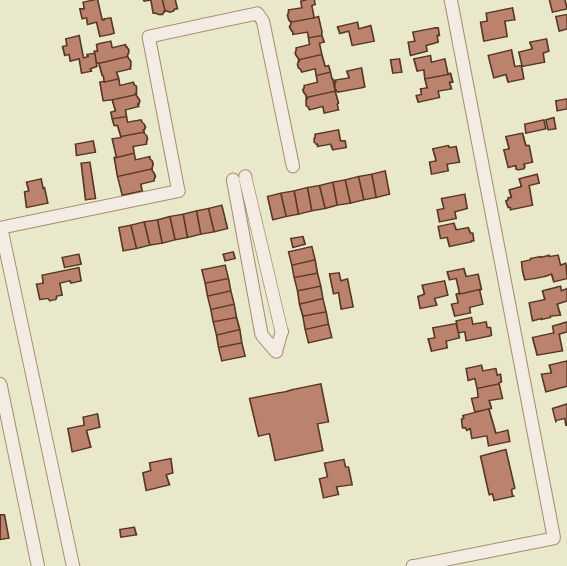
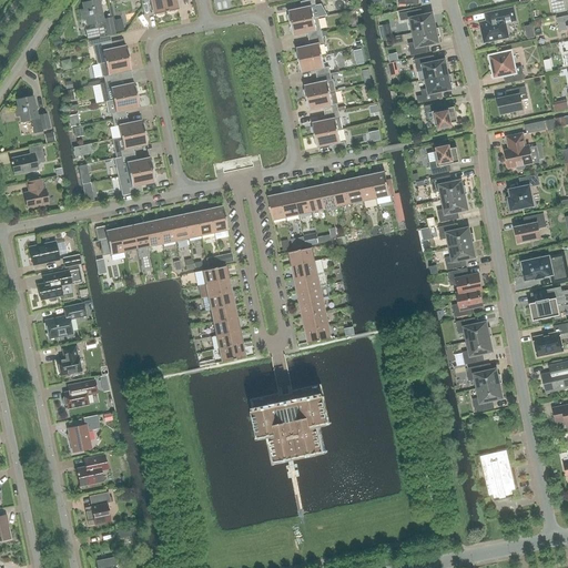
building: [338,22,374,46] -> [398,9,435,32]
building: [63,36,97,73] -> [14,95,49,133]
building: [519,39,549,67] -> [497,85,527,113]
building: [335,68,365,92] -> [312,110,342,134]
building: none -> [424,102,457,129]
building: none -> [10,144,44,174]
building: none -> [430,175,467,199]
building: none -> [515,213,546,242]
building: none -> [99,227,124,260]
building: none -> [29,241,59,263]
building: [329,273,353,309] -> none
building: [418,281,448,309] -> [445,242,475,270]
building: none -> [44,303,85,337]
building: [428,323,459,351] -> [462,336,493,364]
building: none -> [57,346,81,375]
building: none -> [62,379,97,408]
building: [462,409,510,446] -> none
building: [143,458,173,491] -> [77,454,106,486]
building: [320,460,352,498] -> none
building: none -> [85,491,110,525]

